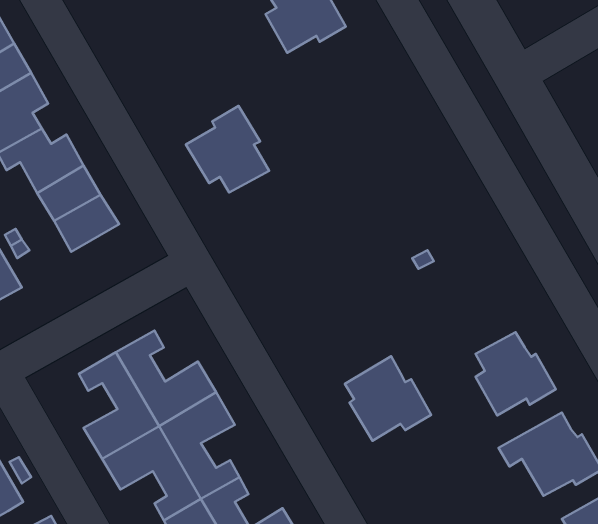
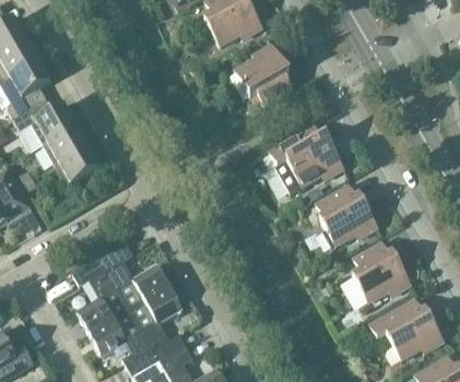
building: [186,106,269,192] -> [235,44,294,105]
building: none -> [271,127,344,193]
building: [345,356,431,441] -> [317,186,378,246]

